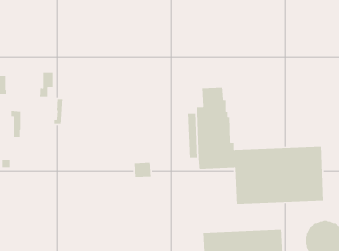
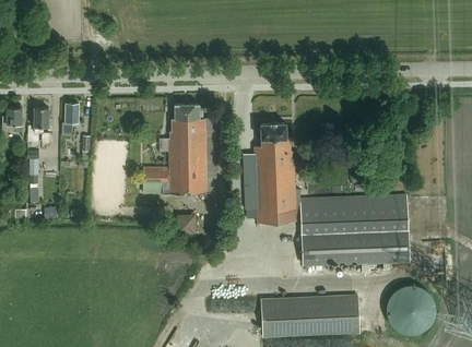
building: none -> [143,104,206,193]
building: none -> [34,107,50,143]

